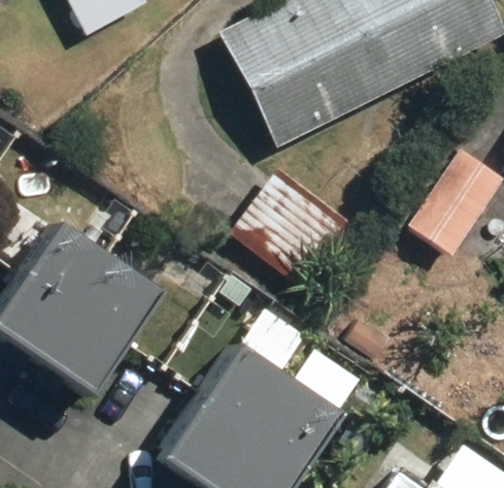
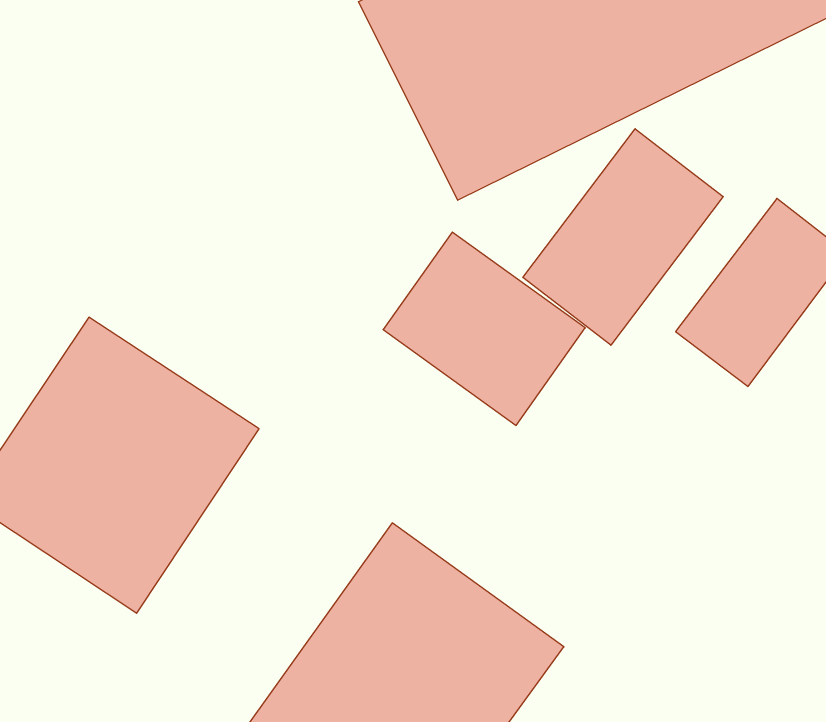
building: none -> [523,129,723,345]

